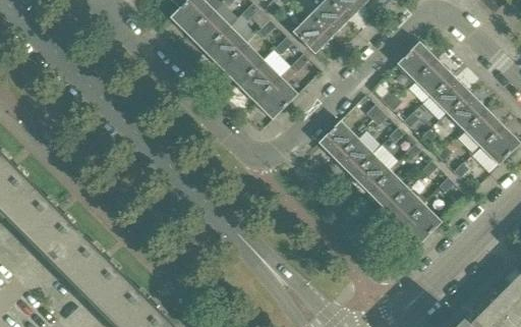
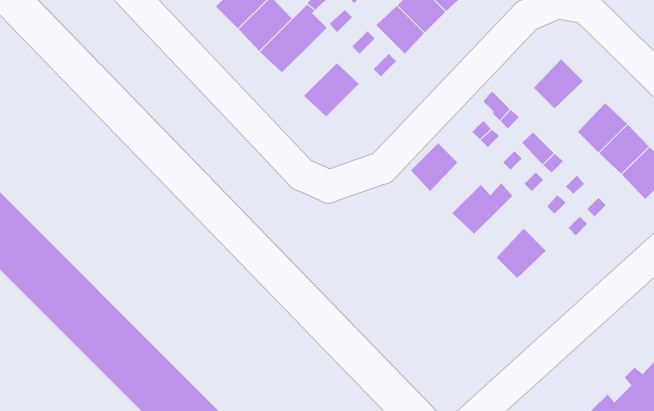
building: [397,41,433,78] -> none
building: [221,42,263,85] -> none
building: [428,73,467,112] -> none
building: [254,75,297,118] -> none
building: [334,135,372,174] -> none
building: [367,169,405,208] -> none
building: [400,203,441,242] -> none

